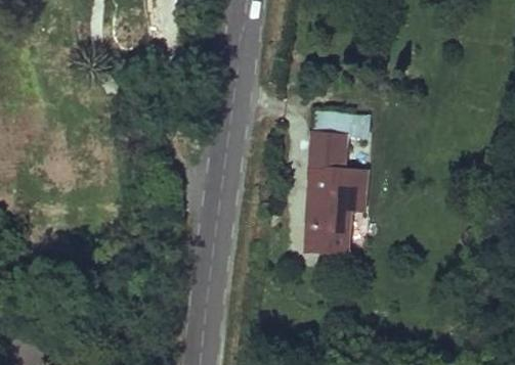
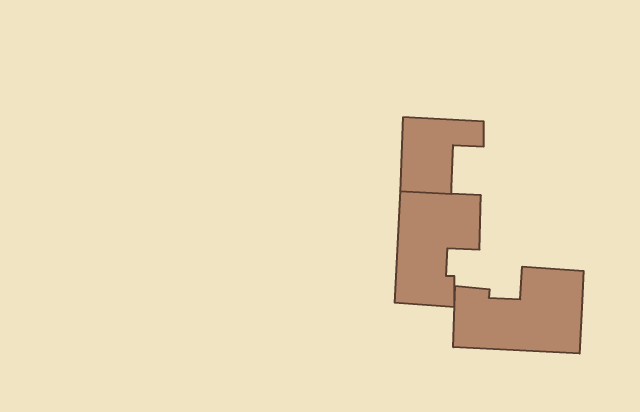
building: none -> [453,267,584,354]

